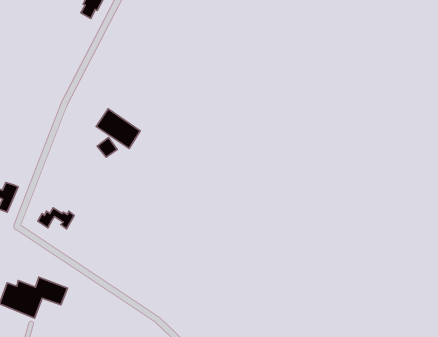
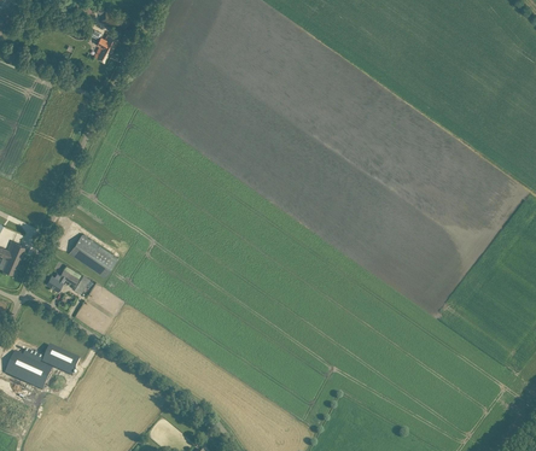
building: [96,109,140,148] -> [68,233,116,276]

